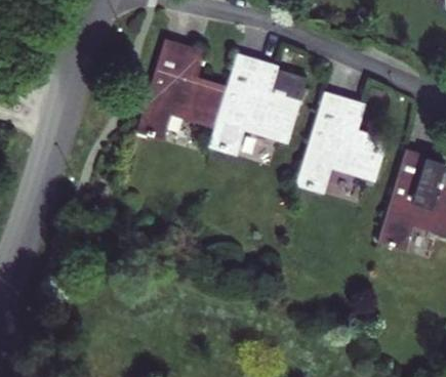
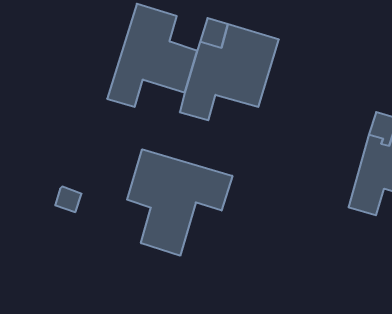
building: [295,92,387,195] -> none
building: none -> [127,149,232,256]

